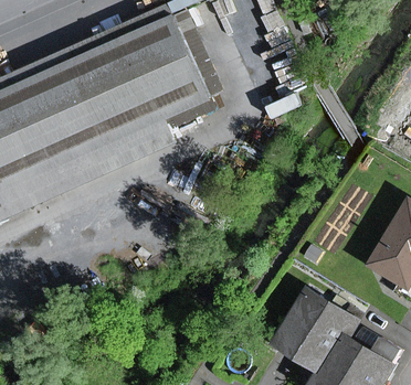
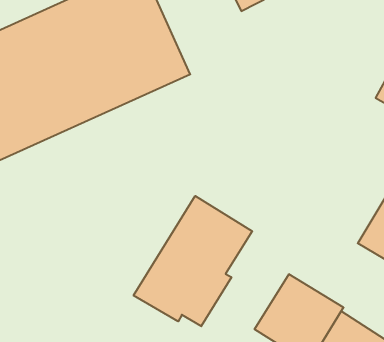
building: none -> [134,196,252,326]

